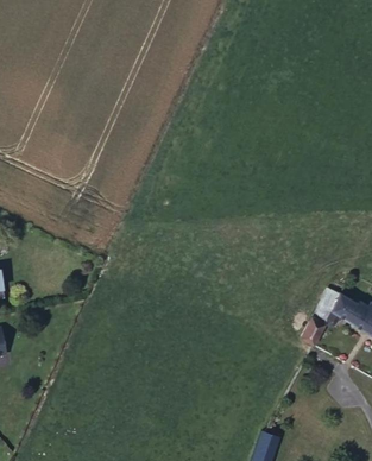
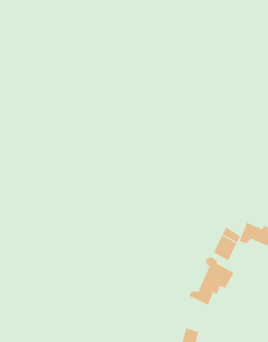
building: none -> [189,256,234,305]

